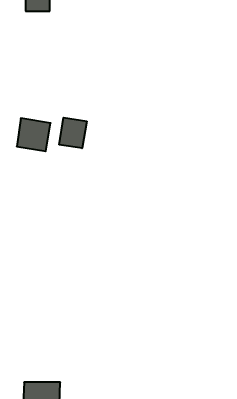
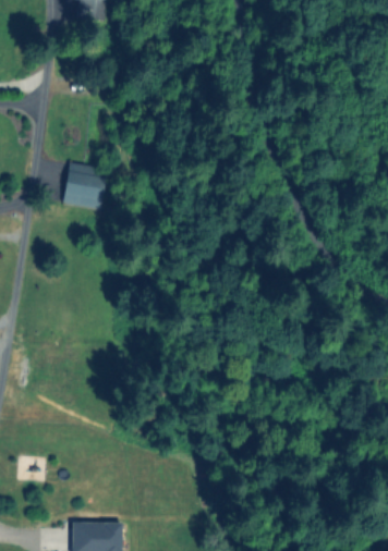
building: [59,118,87,148] -> none

